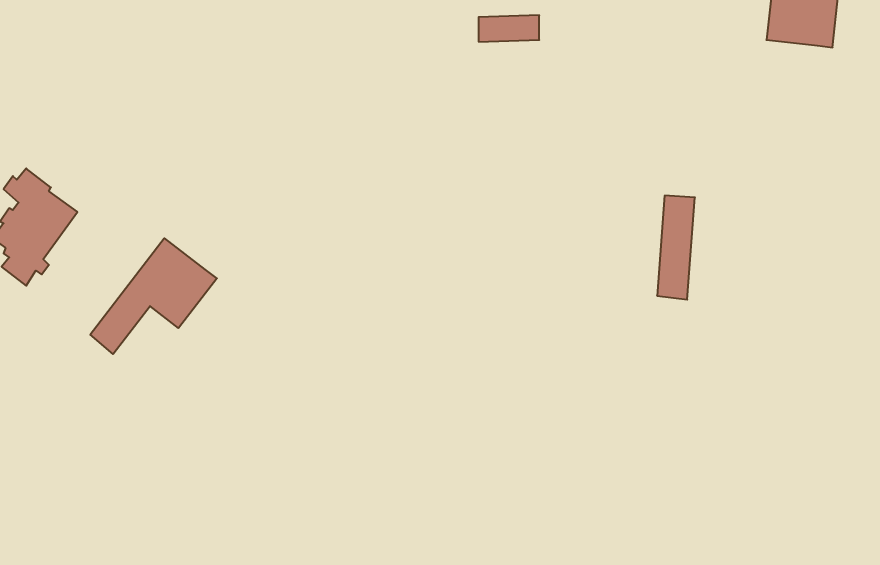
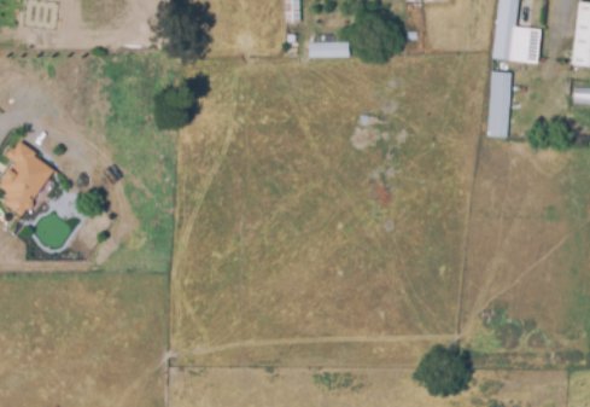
building: [657,196,695,300] -> [486,70,510,136]
building: [90,238,217,354] -> none

